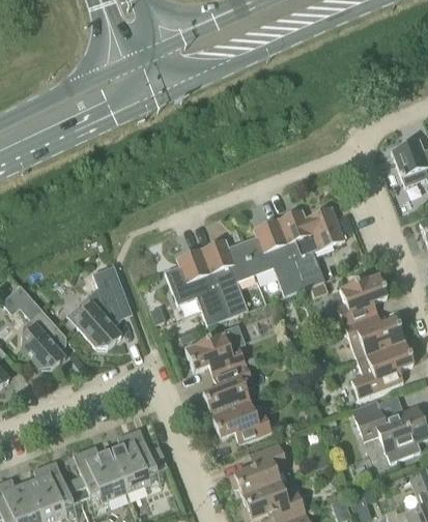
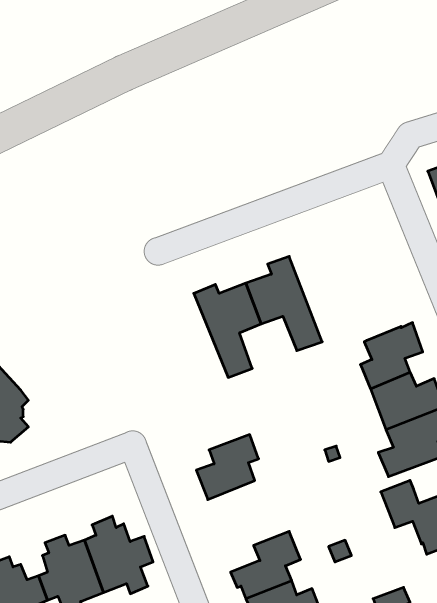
building: [278,206,353,288] -> none
building: [165,249,228,325] -> none
building: [66,270,131,348] -> none
building: [184,323,246,376] -> none
building: [211,401,272,444] -> none

